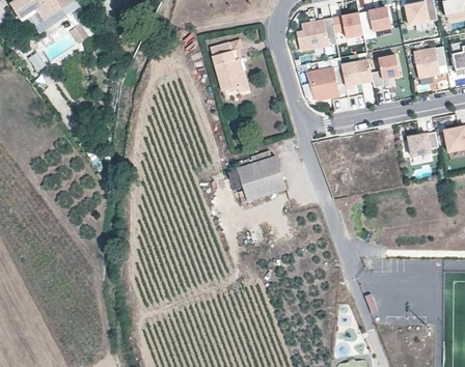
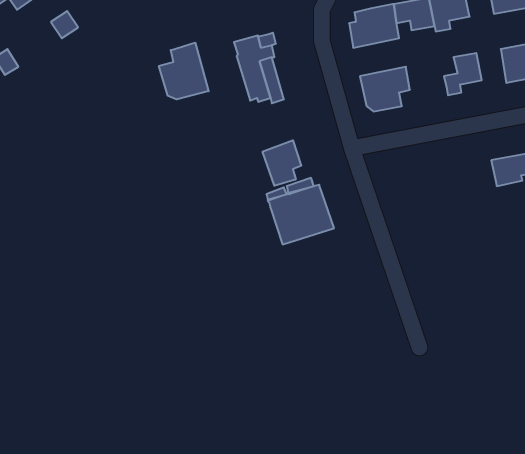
building: none -> [159,43,209,99]
building: [341,59,373,88] -> none
building: none -> [263,140,301,186]

